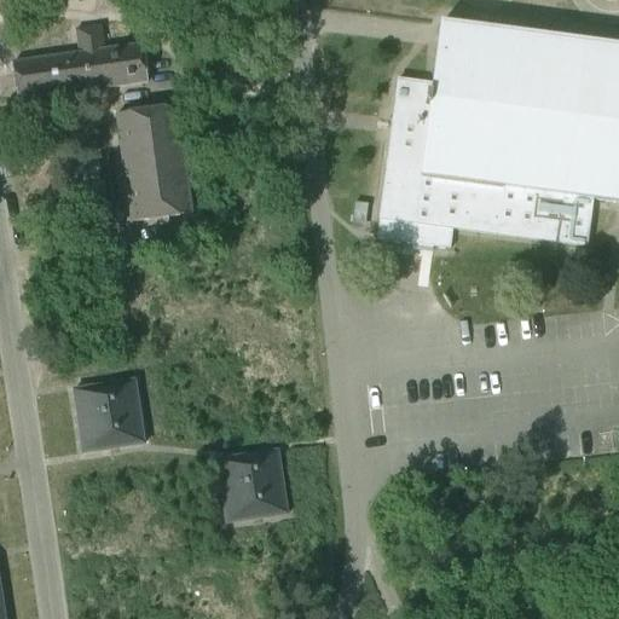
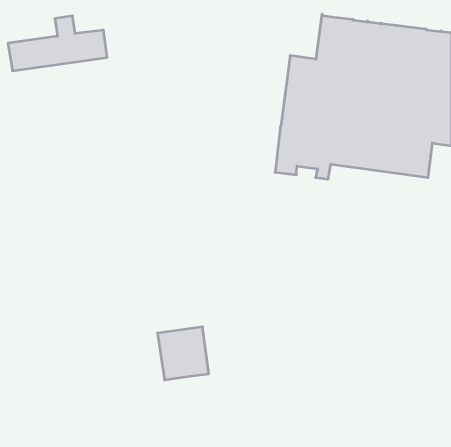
building: [116,103,192,219] -> none
building: [74,377,144,450] -> none

